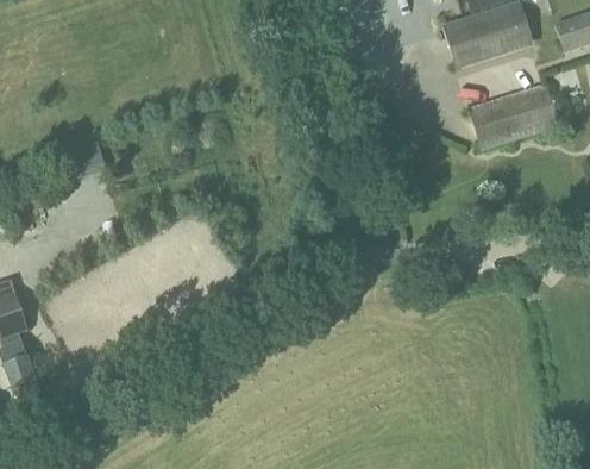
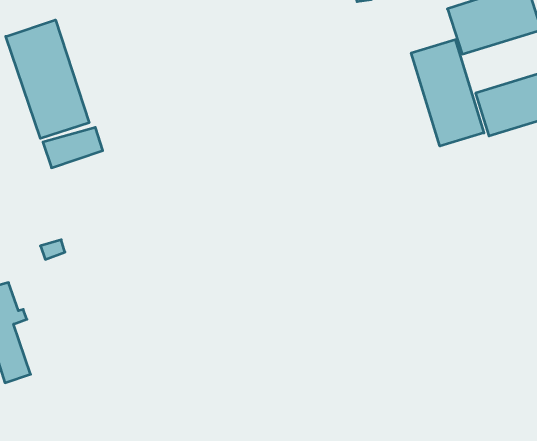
building: none -> [6,20,89,138]
building: none -> [411,40,484,146]

